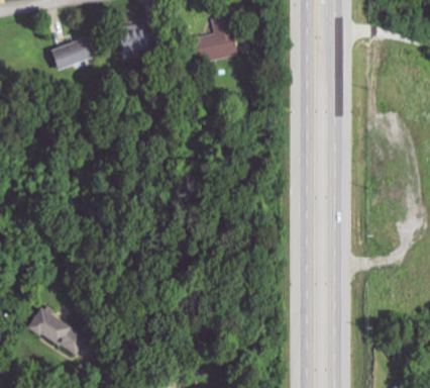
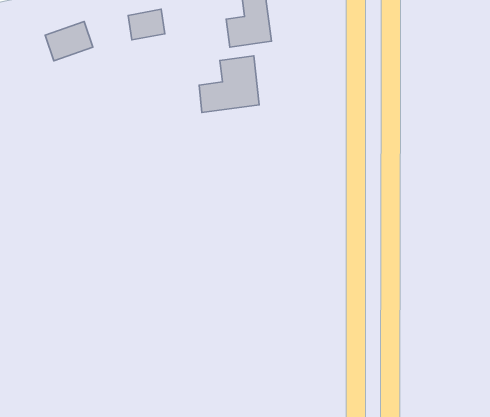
building: none -> [199,56,259,113]
building: [27,307,88,355] -> none

